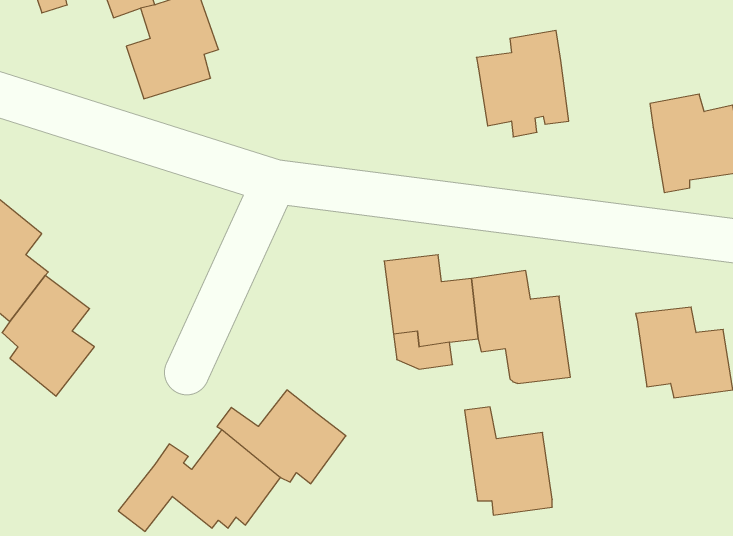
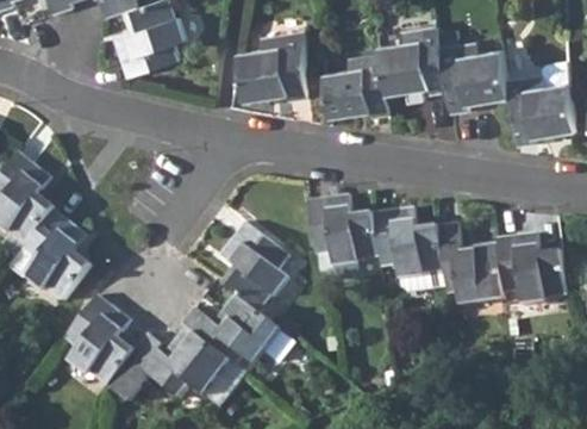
building: none -> [239,30,308,101]
building: none -> [439,42,508,116]
building: none -> [324,54,388,119]
building: none -> [219,223,287,313]
building: none -> [64,297,136,388]
building: [465,407,552,515] -> [438,224,504,305]

